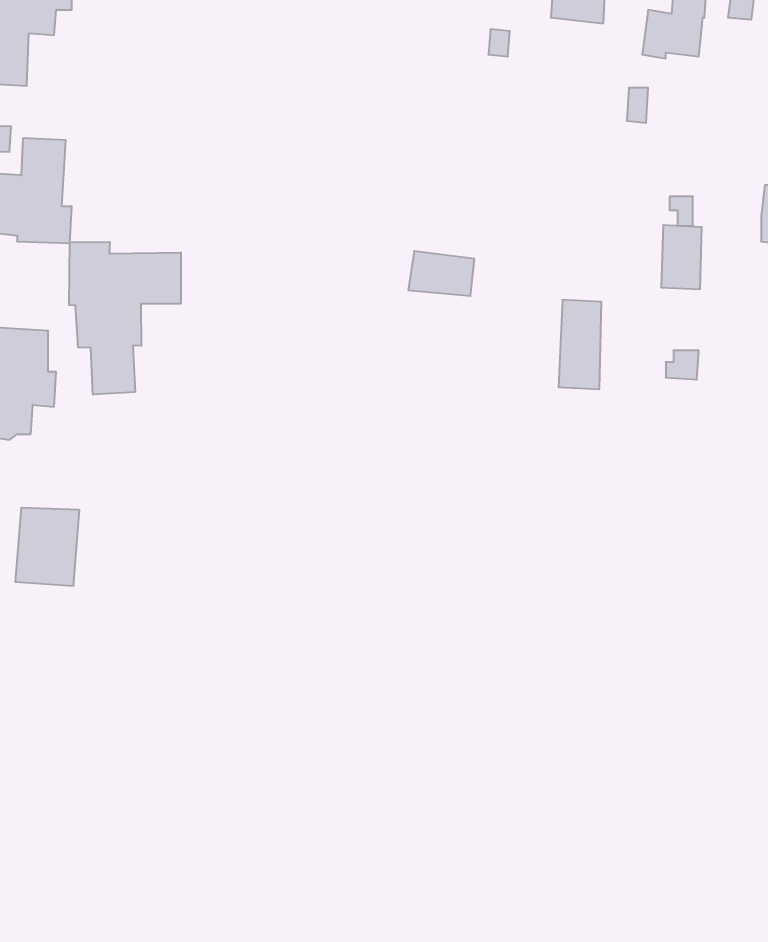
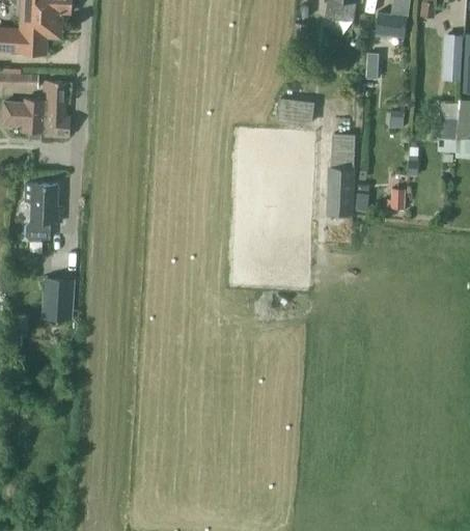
building: [661,225,702,289] -> [332,135,354,169]
building: [69,242,181,395] -> none
building: [408,251,474,296] -> [278,101,313,124]

